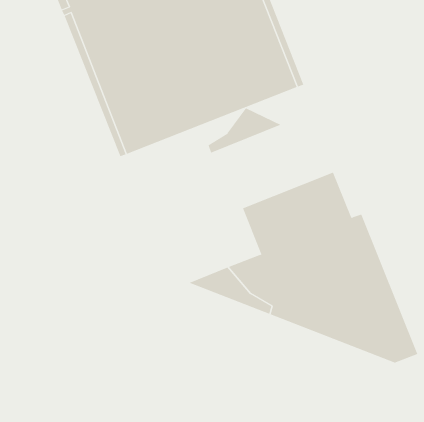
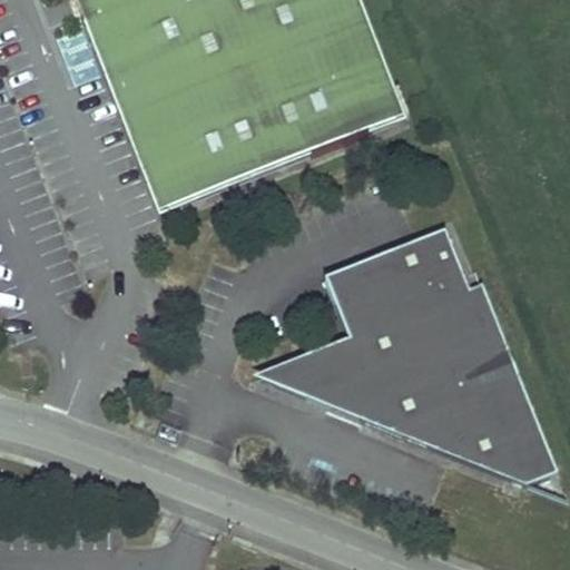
building: [208,108,282,153] -> none

